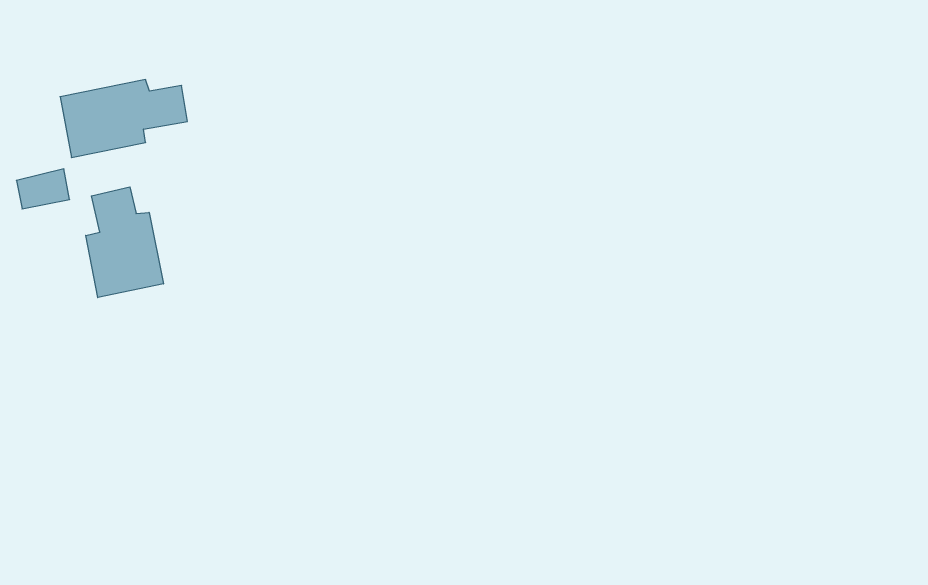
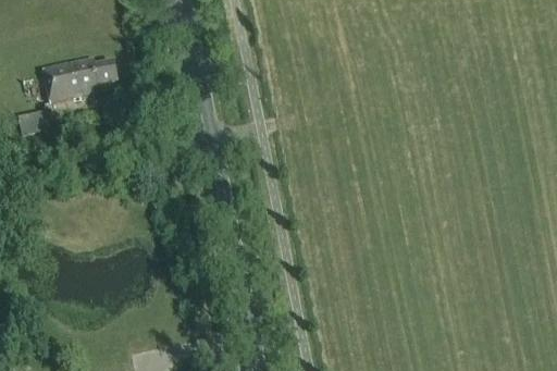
building: [86,187,163,298] -> none

